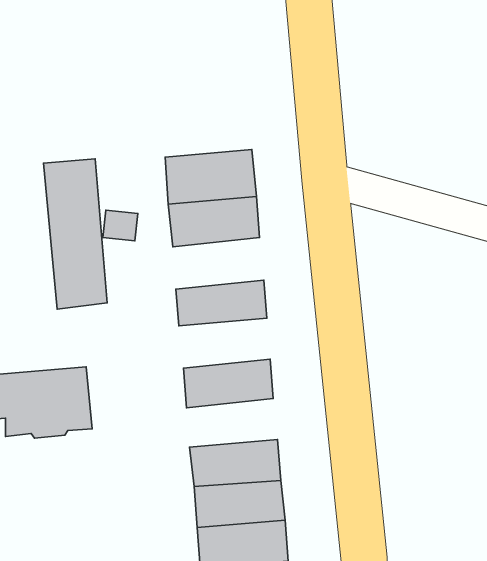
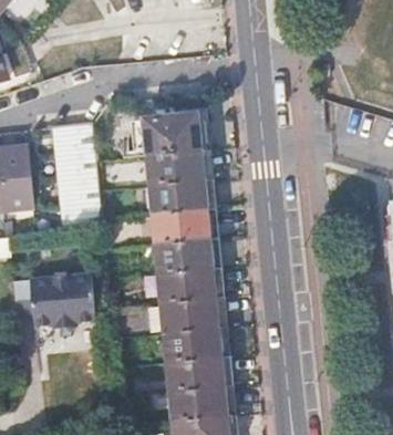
building: none -> [148,179,215,217]
building: none -> [153,238,219,275]
building: none -> [158,297,225,332]

